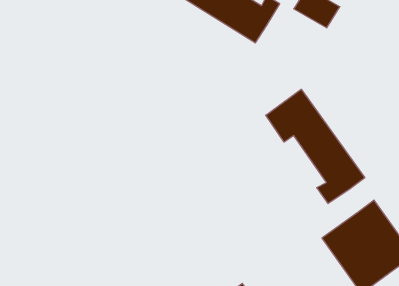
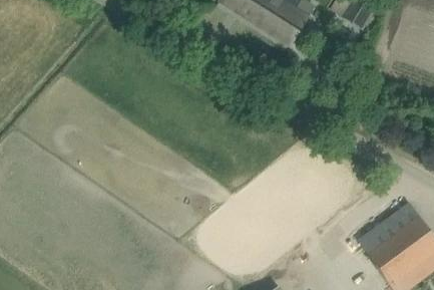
building: [266,89,365,204] -> none

